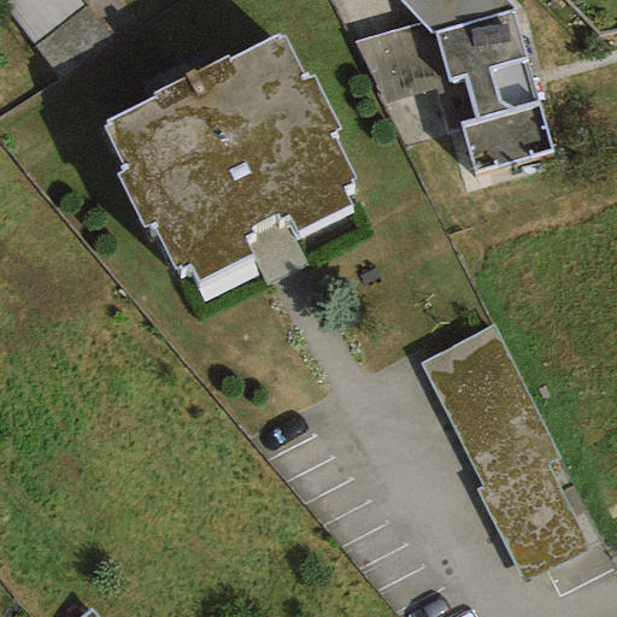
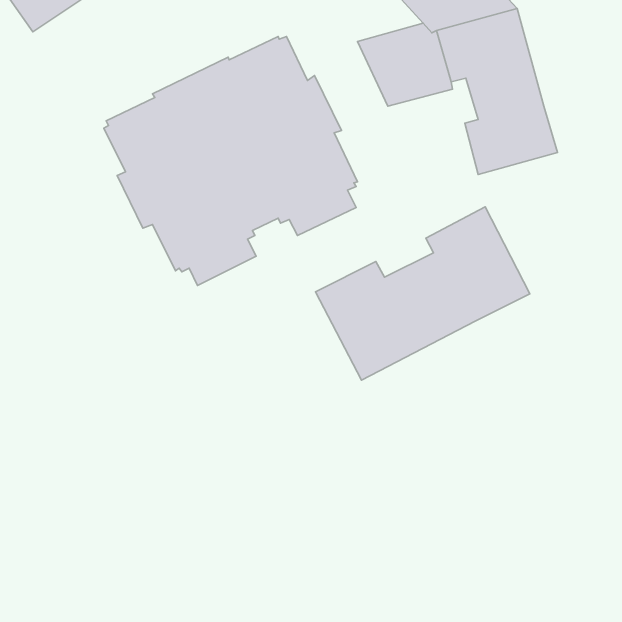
building: none -> [316,207,530,380]
building: [423,323,599,571] -> none

